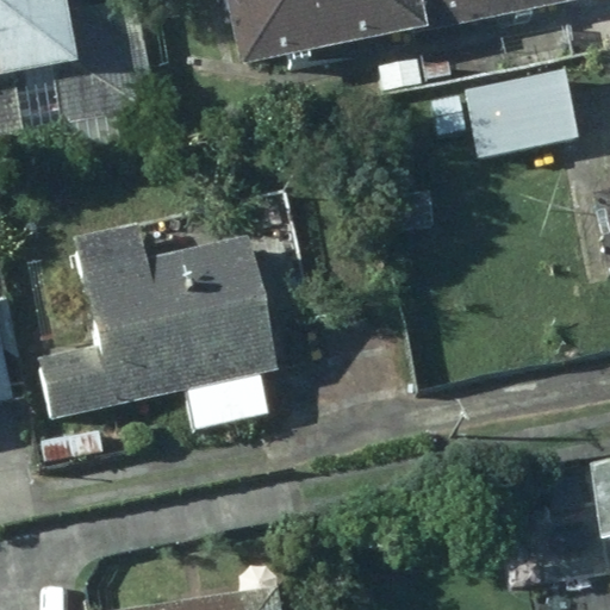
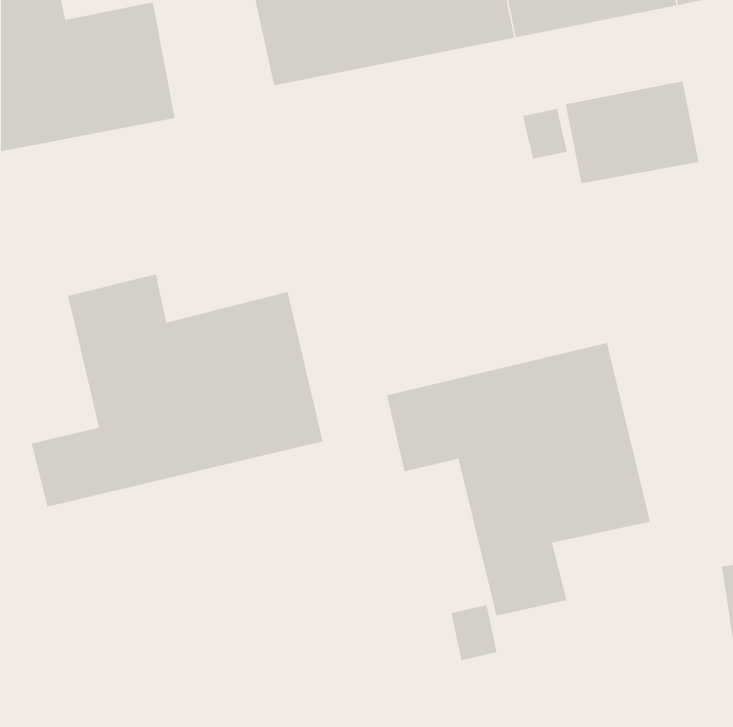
building: none -> [386,342,651,617]

